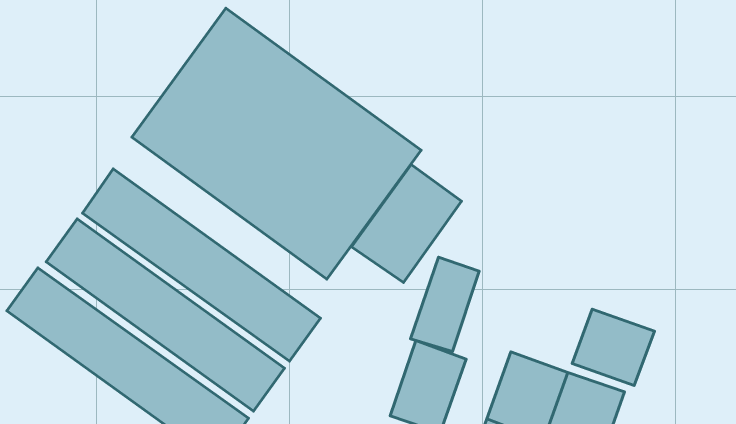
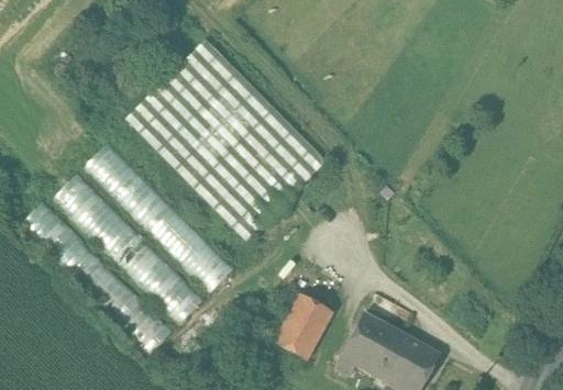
building: [351,165,461,282] -> none
building: [411,257,479,352] -> none
building: [572,309,654,386] -> none

